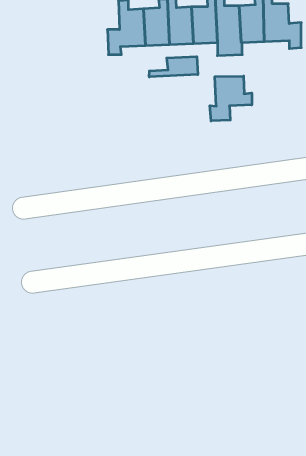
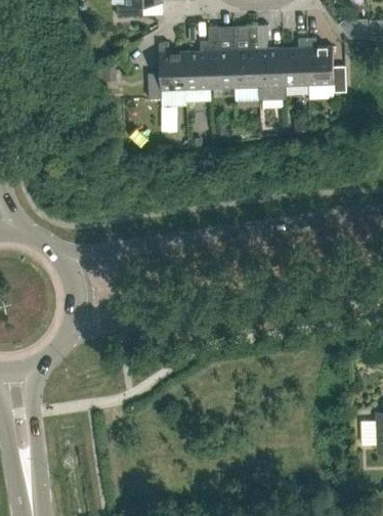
building: [149,57,198,77] -> none
building: [210,76,252,121] -> none

